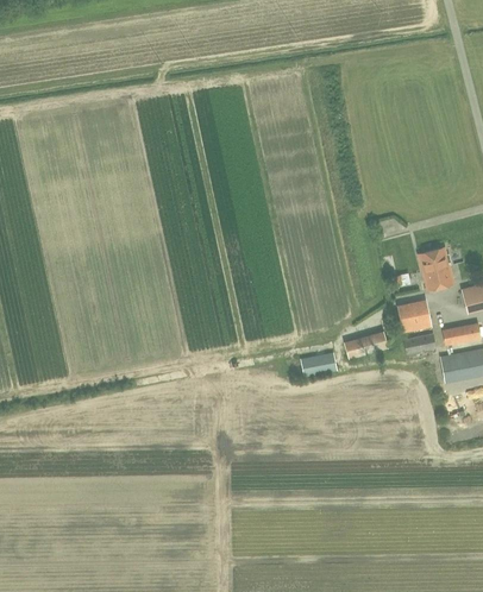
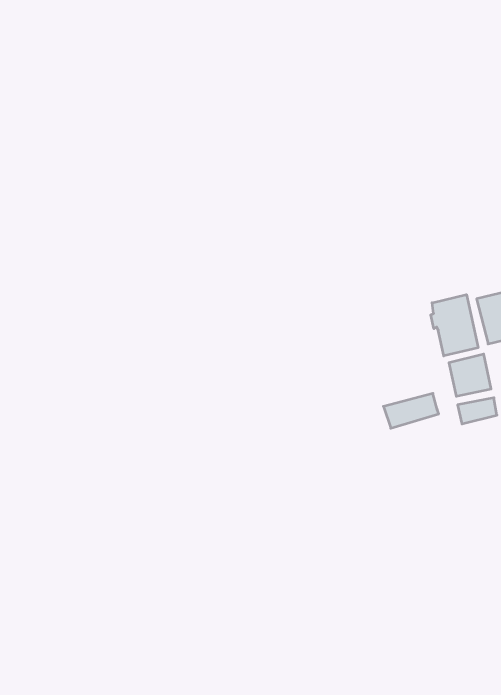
building: none -> [431,295,478,356]
building: [299,352,335,374] -> none

